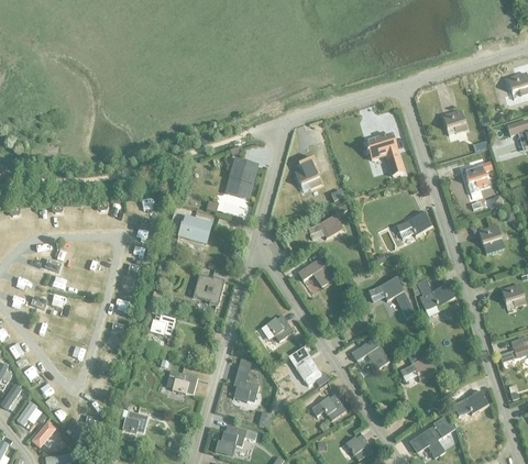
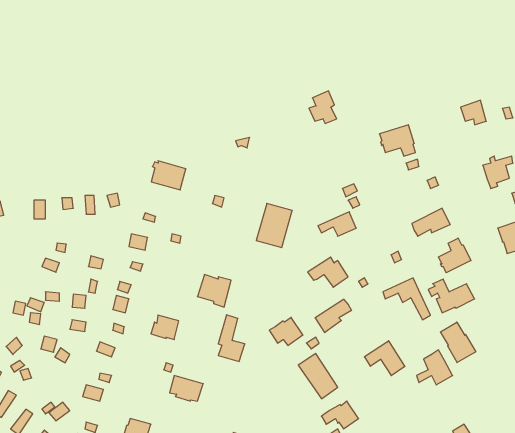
building: [224,156,258,198] -> [256,203,292,248]
building: [295,156,321,187] -> [309,91,337,123]
building: [178,214,211,242] -> [151,161,186,190]
building: none -> [438,238,471,273]
building: none -> [315,299,351,333]
building: none -> [440,322,476,363]
building: [233,357,258,401] -> [218,315,245,361]
building: [453,390,488,416] -> none

